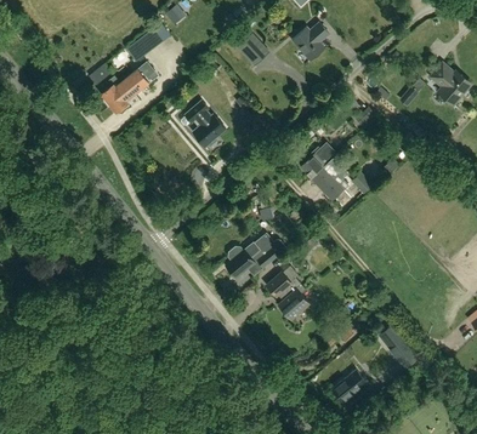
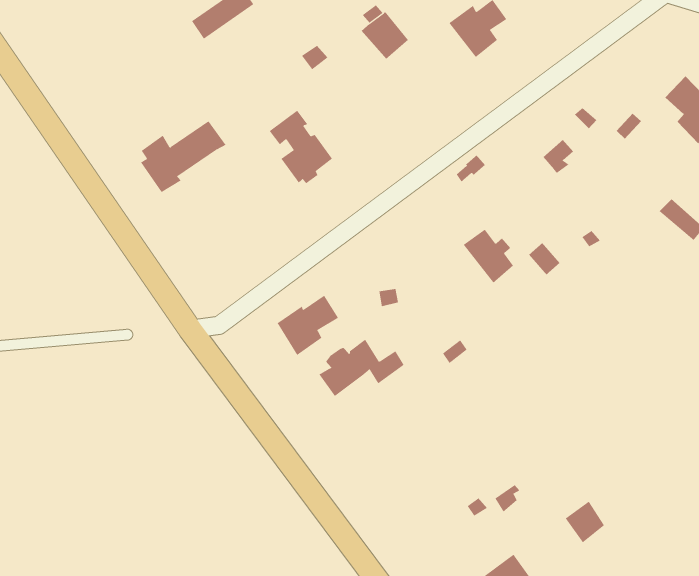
building: [102,65,155,113] -> [140,120,227,193]
building: [301,143,337,178] -> none
building: none -> [277,295,339,356]
building: [267,273,310,320] -> none

